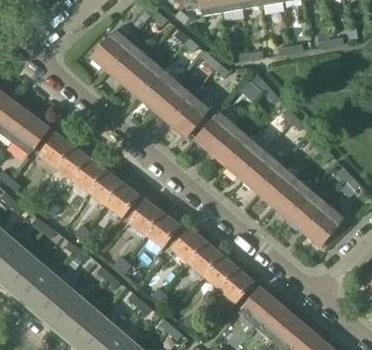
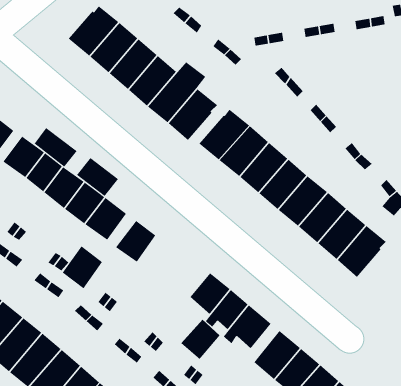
building: none -> [34,127,77,167]
building: none -> [76,157,119,197]
building: [145,211,177,246] -> [62,246,103,289]
building: [171,227,203,260] -> [181,319,220,360]

